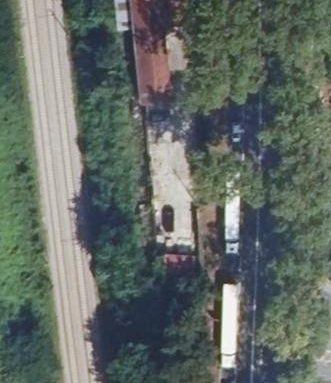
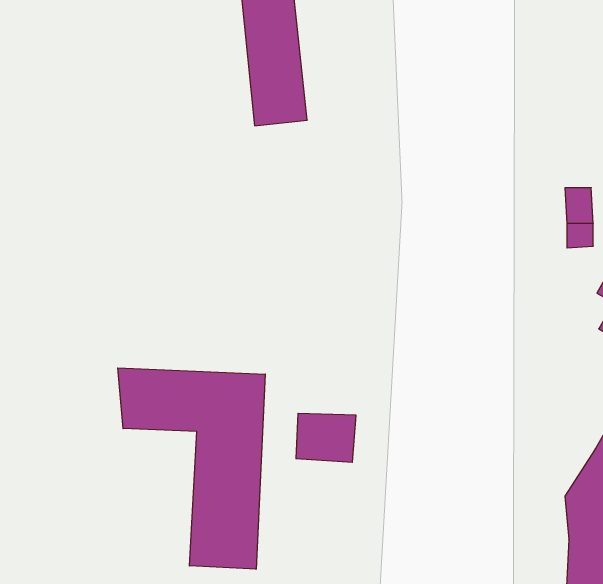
building: none -> [118,368,265,569]

